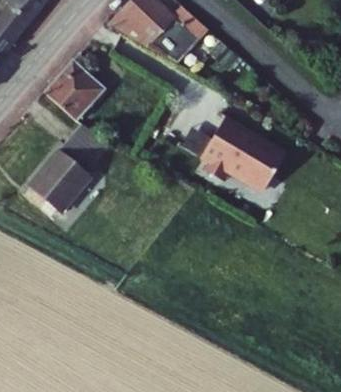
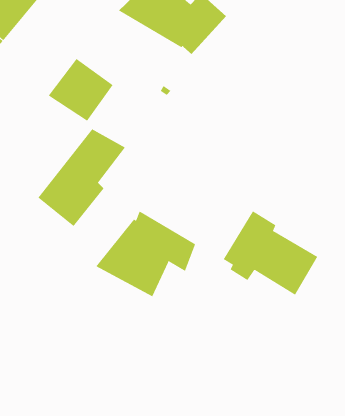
building: [197,117,281,192] -> [223,211,318,295]
building: none -> [95,210,196,297]

